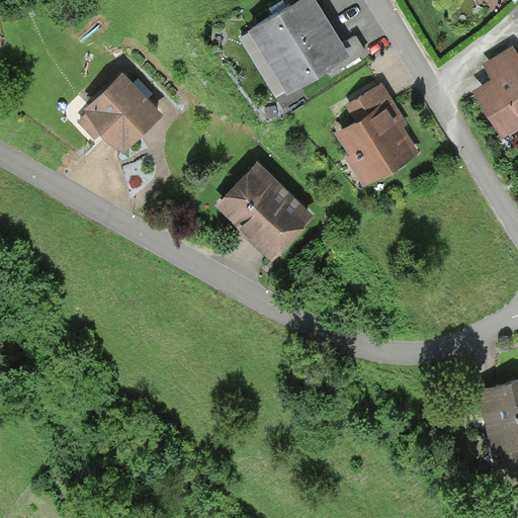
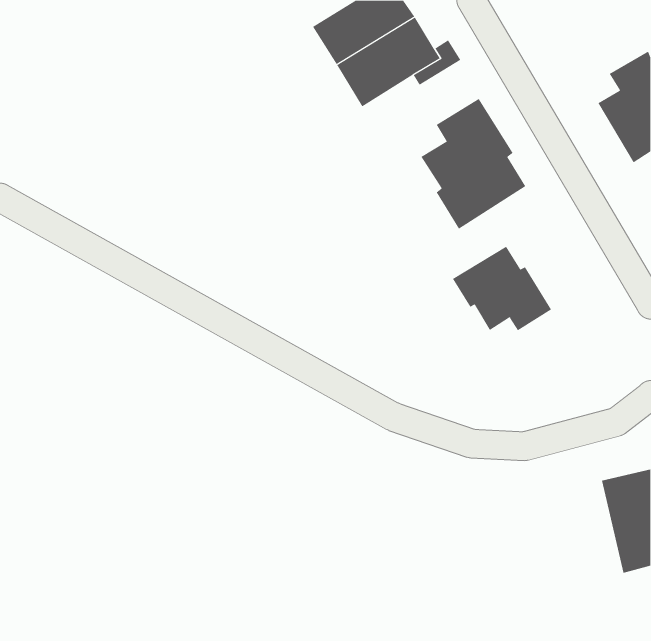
building: [77,73,163,151] -> none
building: [215,162,313,259] -> none
building: none -> [452,246,552,331]

